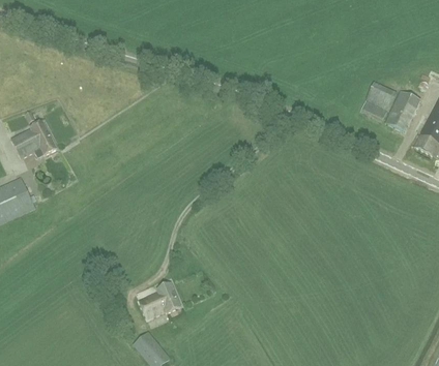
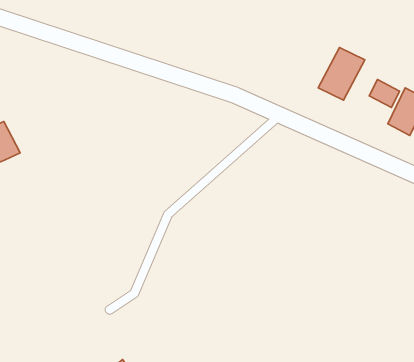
building: none -> [318,48,365,100]
building: [138,281,180,316] -> none

